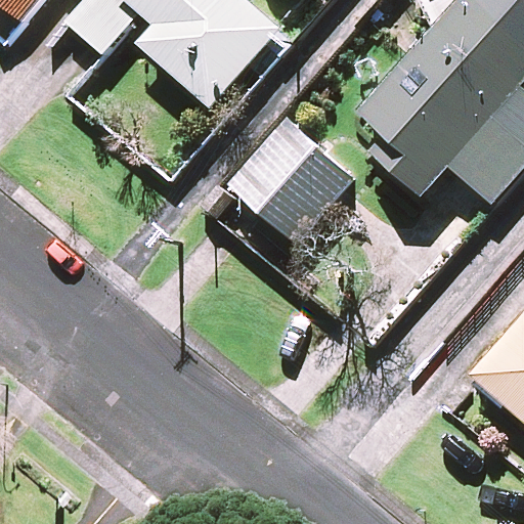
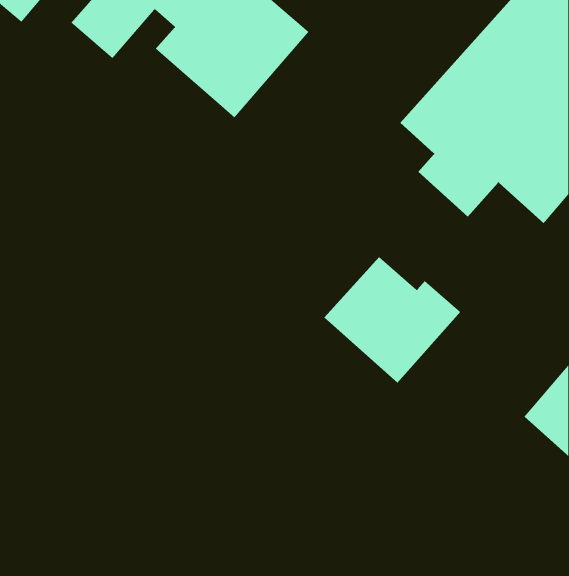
building: [228,128,352,243] -> [323,256,461,384]

